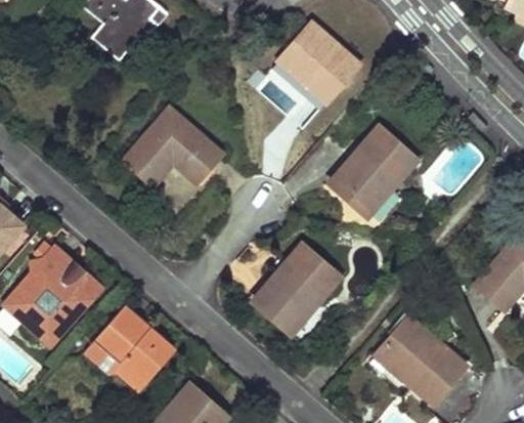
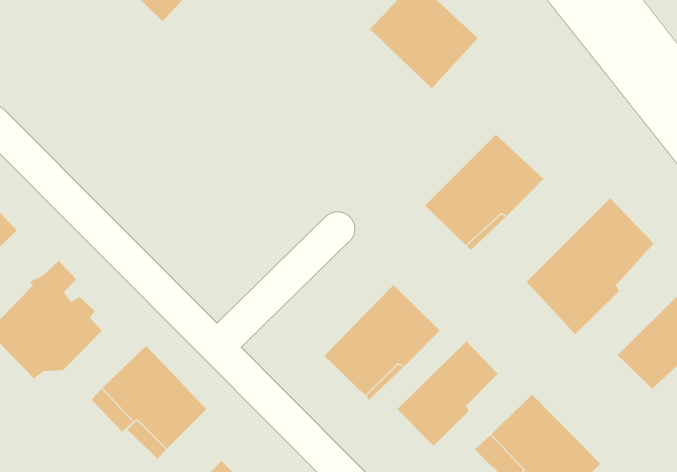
building: [129,110,225,185] -> none
building: none -> [526,197,655,335]
building: none -> [397,341,499,447]

